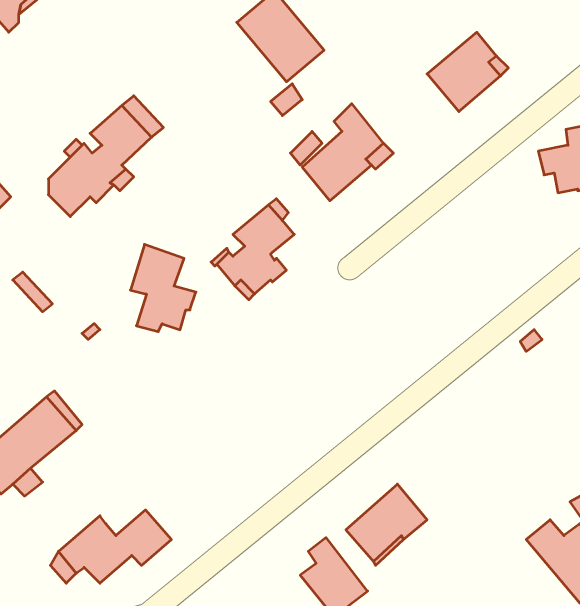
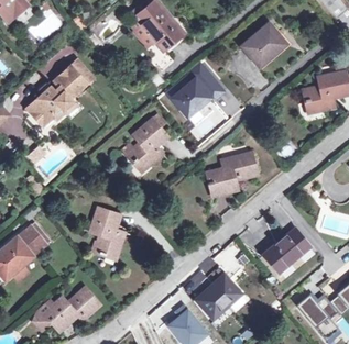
building: [130,244,196,332] -> [90,207,127,255]
building: none -> [206,153,257,192]
building: none -> [263,228,310,273]

